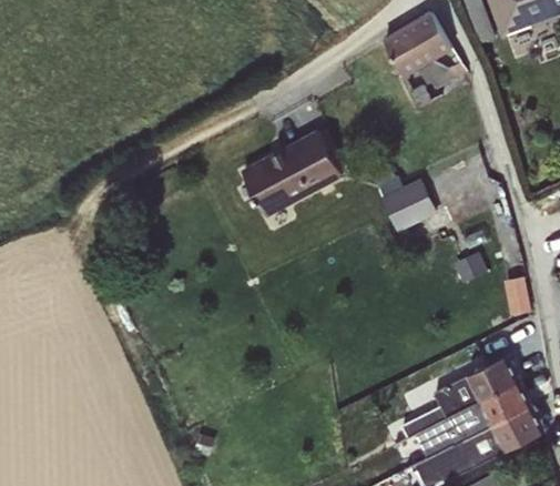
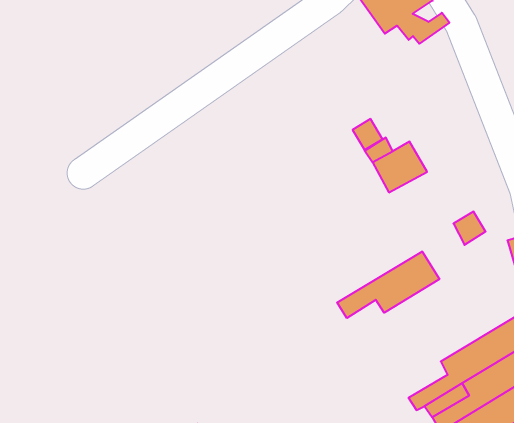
building: [242,132,342,216] -> none
building: none -> [337,251,439,318]

